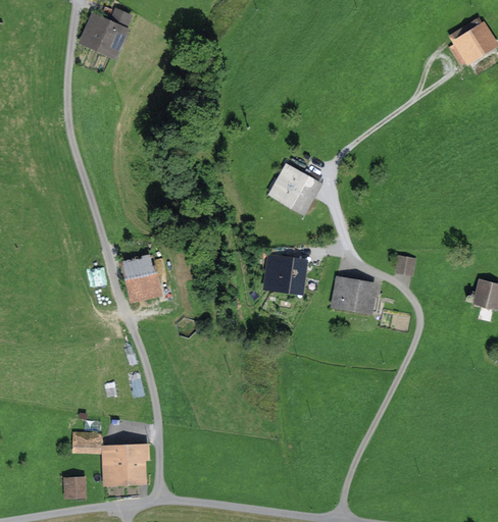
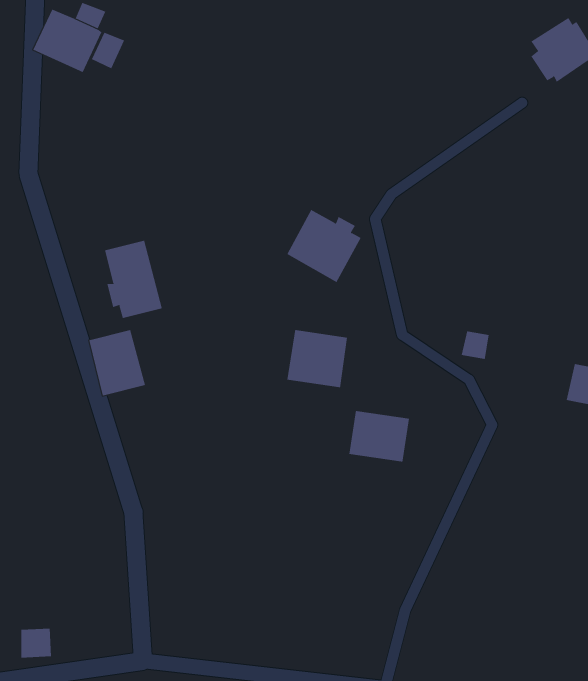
building: none -> [91,32,125,69]
building: none -> [104,240,163,319]
building: [333,276,379,315] -> [348,410,410,462]
building: [71,428,149,484] -> none

